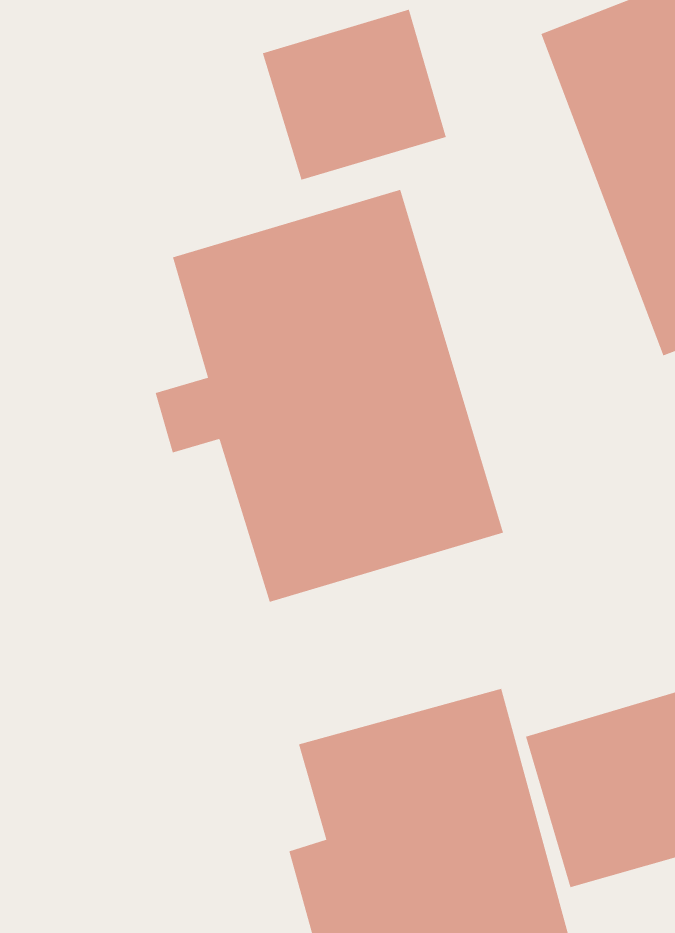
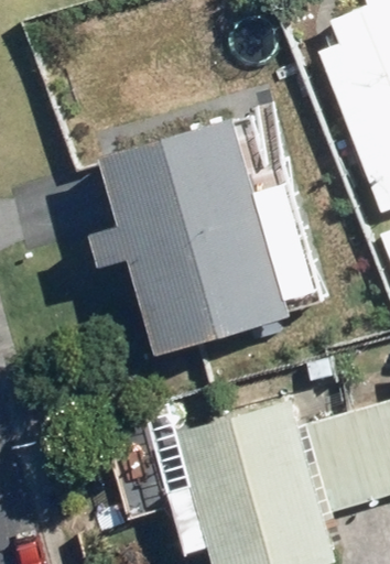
building: [262,9,447,180] -> none

